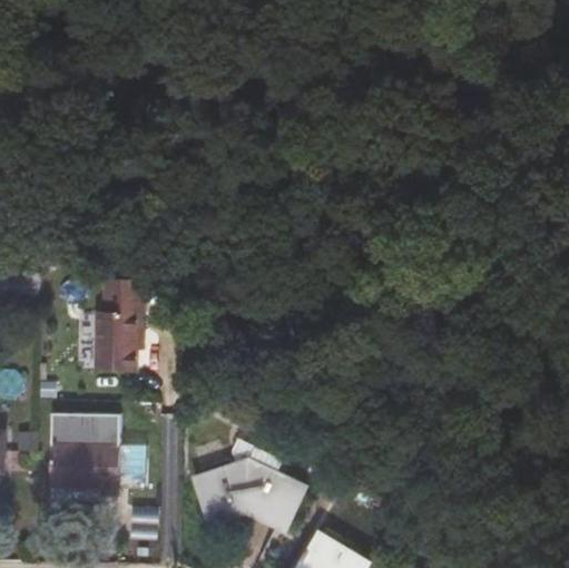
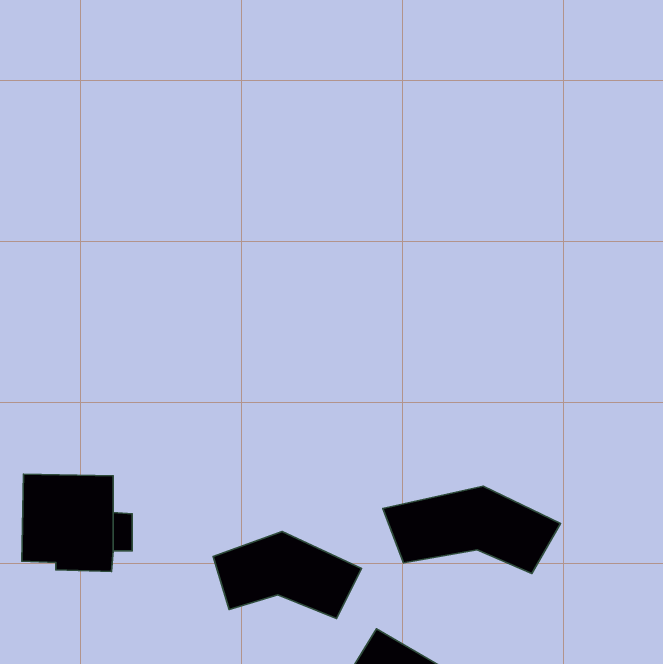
building: [95,277,145,369] -> none
building: none -> [383,486,560,573]

